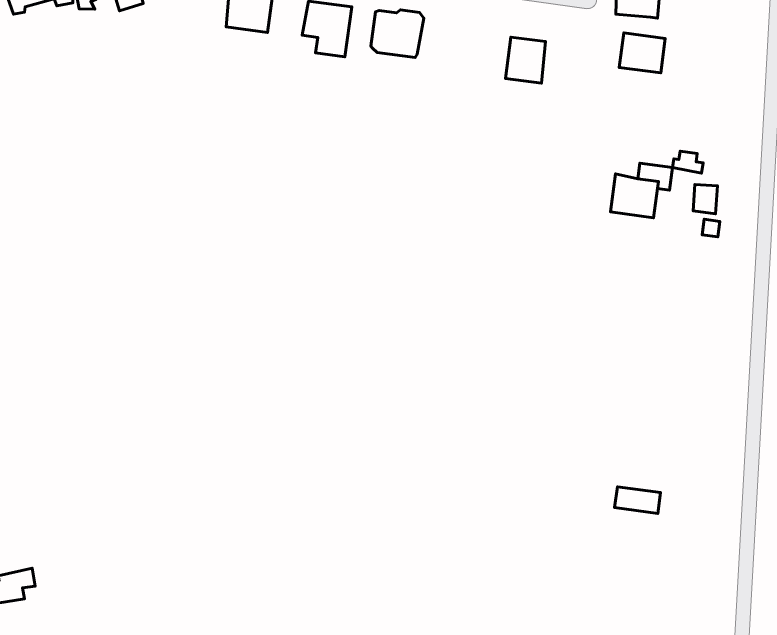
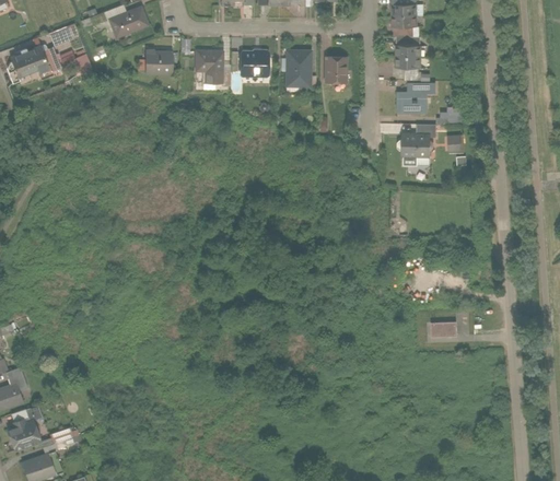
building: none -> [285,48,312,85]
building: none -> [396,83,434,113]

